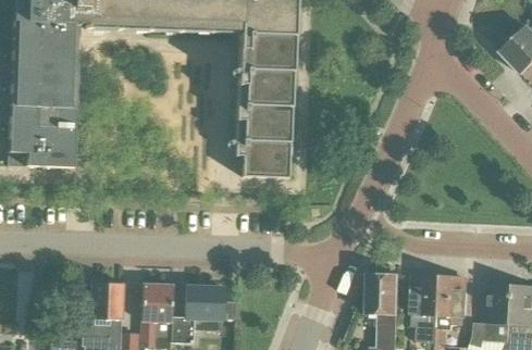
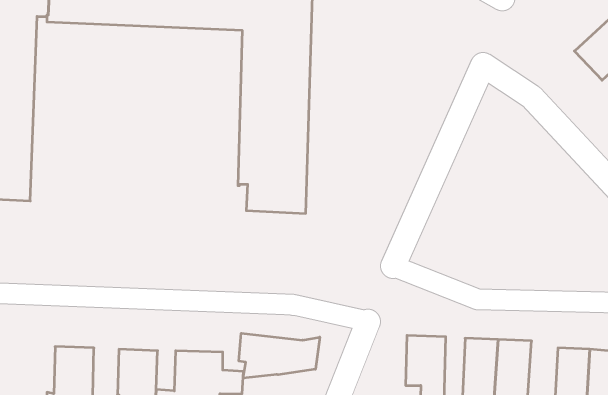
building: none -> [239,333,320,378]

